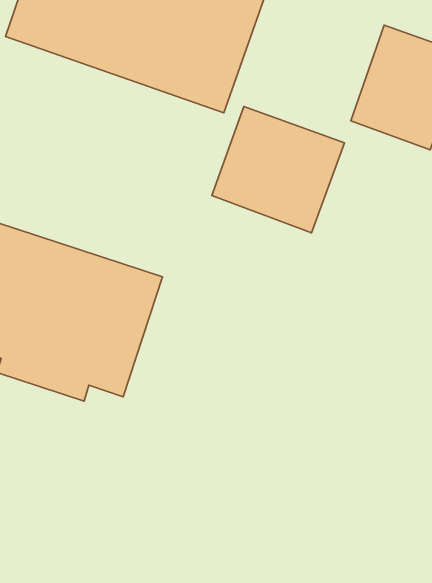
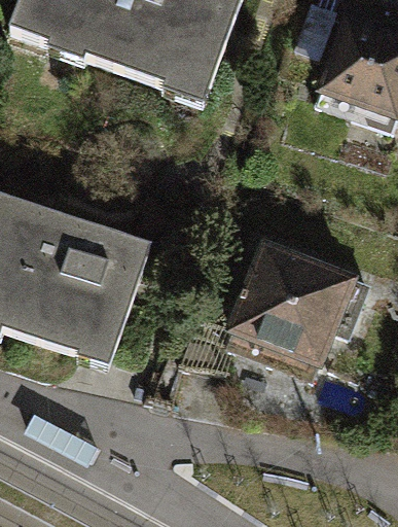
building: [212,106,344,233] -> none
building: none -> [243,222,378,353]

